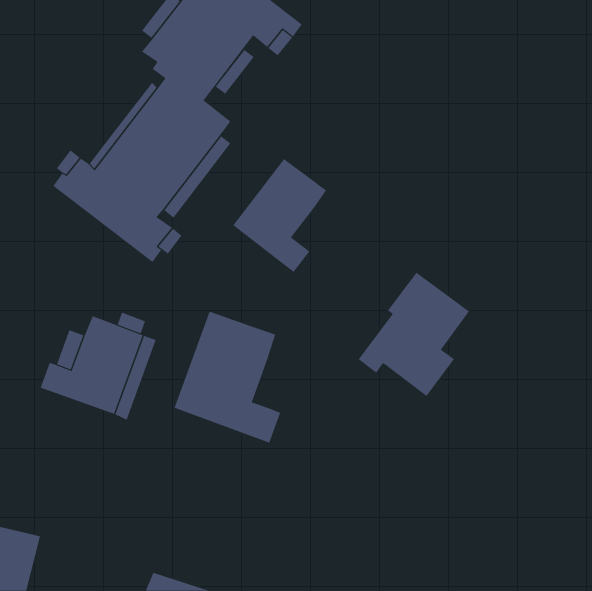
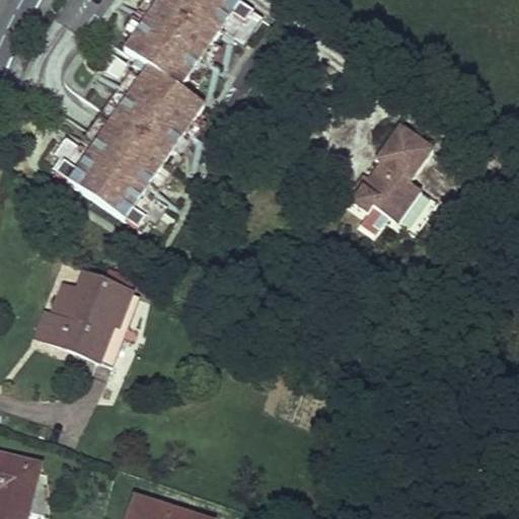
building: [233,158,327,273] -> none
building: [358,272,470,397] -> [350,121,447,229]
building: [174,311,281,444] -> none

